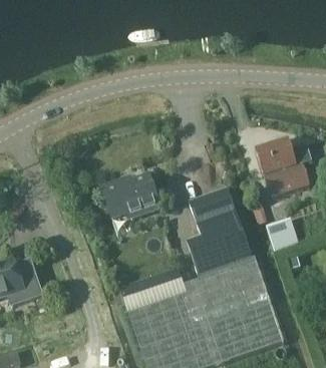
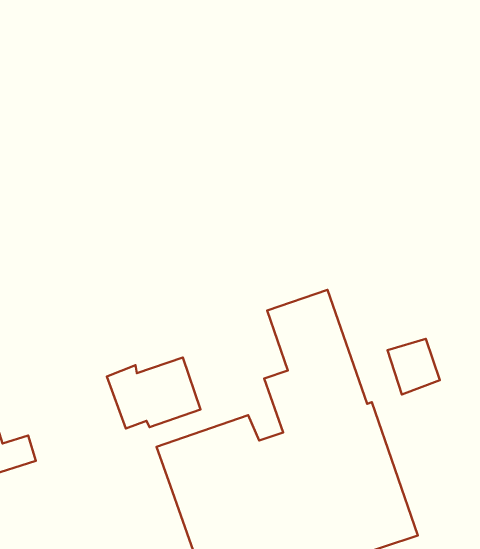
building: [255,137,311,198] -> none
building: [100,175,159,221] -> [107,357,200,429]

